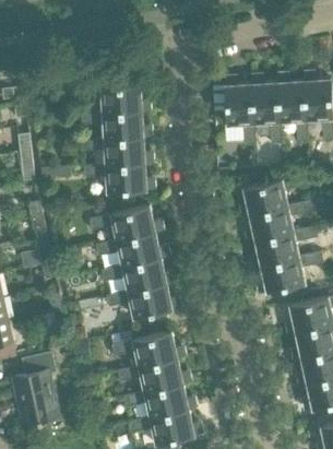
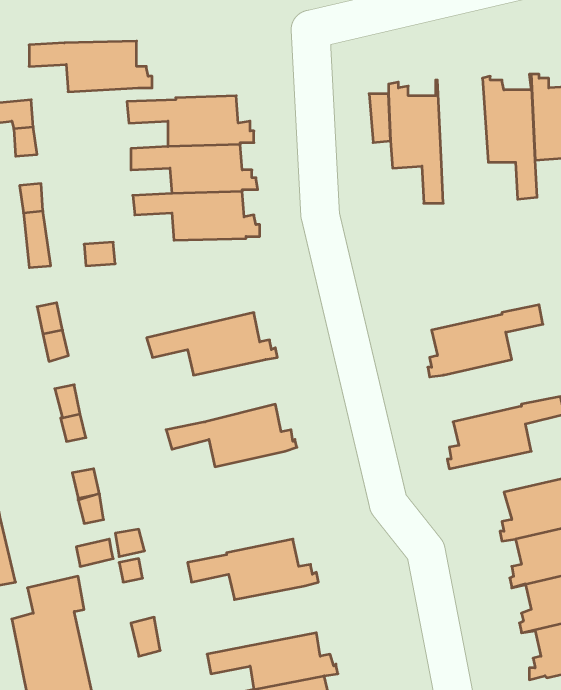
building: [251,74,281,143] -> none
building: [84,164,153,192] -> [29,41,152,92]
building: [239,176,305,216] -> none
building: [251,226,316,268] -> none
building: [94,232,167,267] -> none
building: [106,283,178,319] -> none
building: [117,358,190,392] -> none

